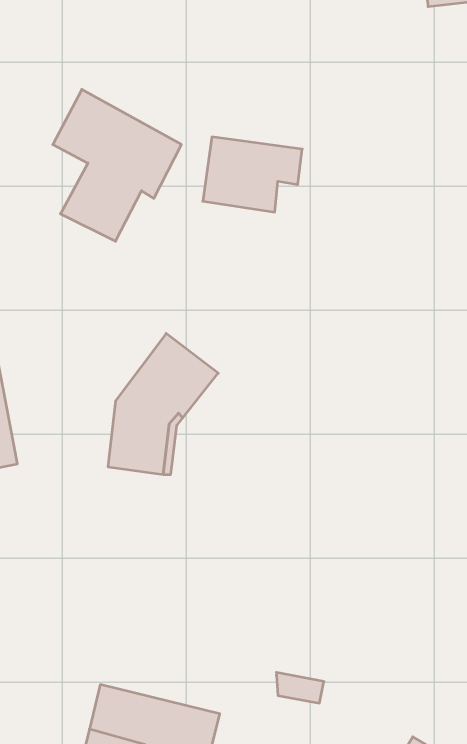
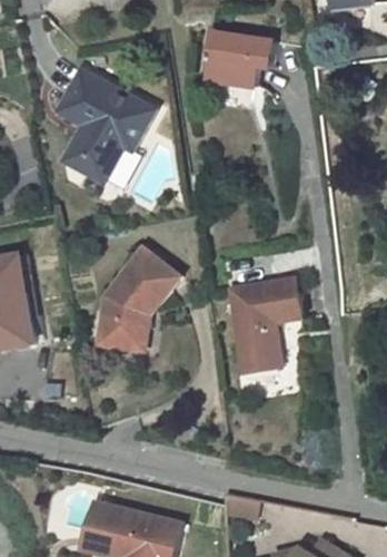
building: [203,137,302,212] -> [204,32,276,87]
building: none -> [230,277,301,373]

